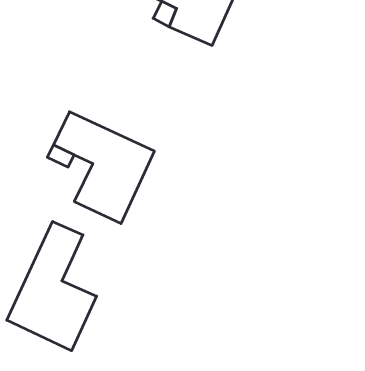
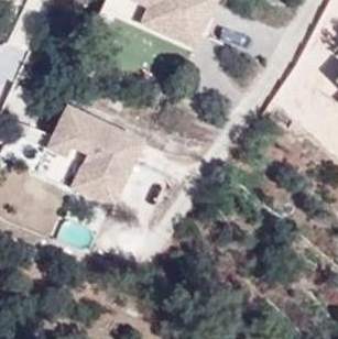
building: [7,221,97,351] -> none

